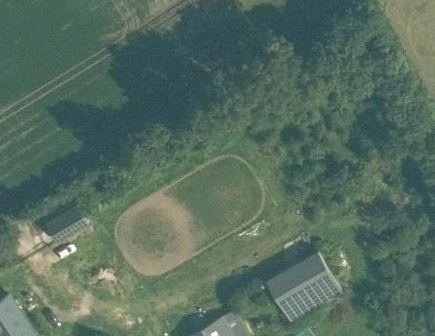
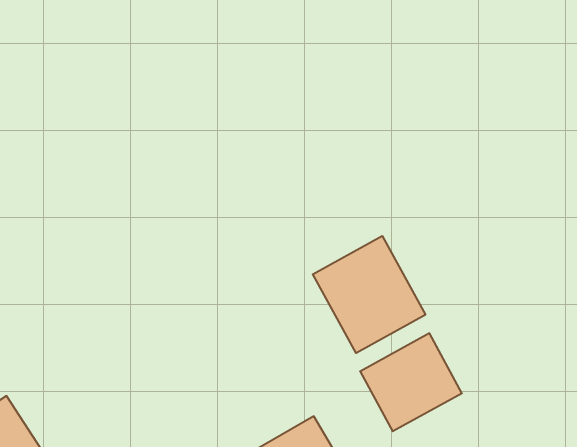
building: none -> [313,236,425,353]
building: [46,207,86,242] -> none

